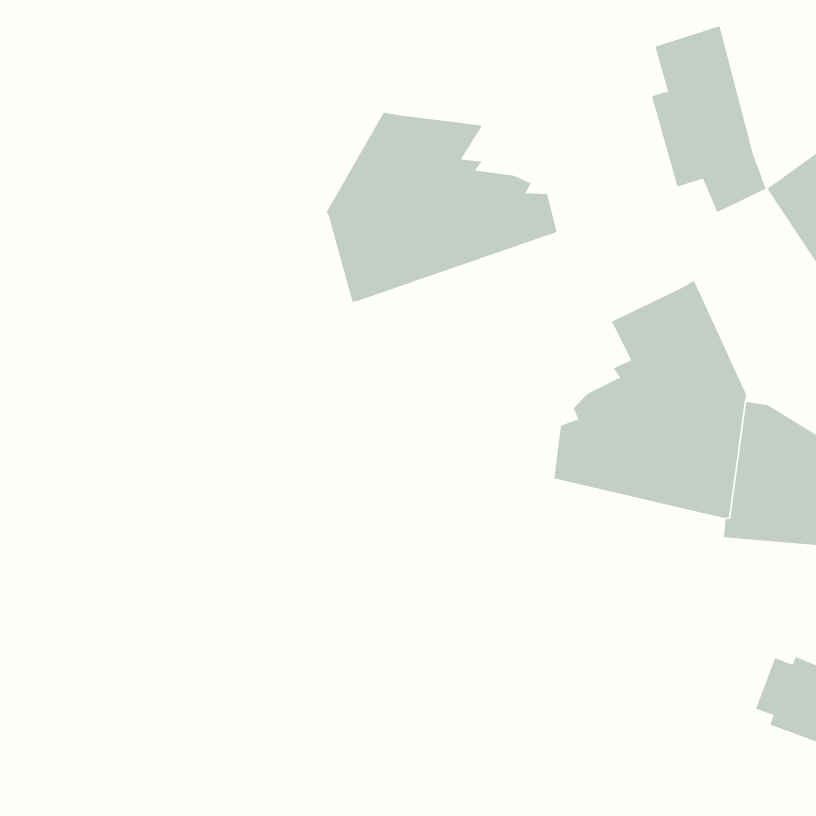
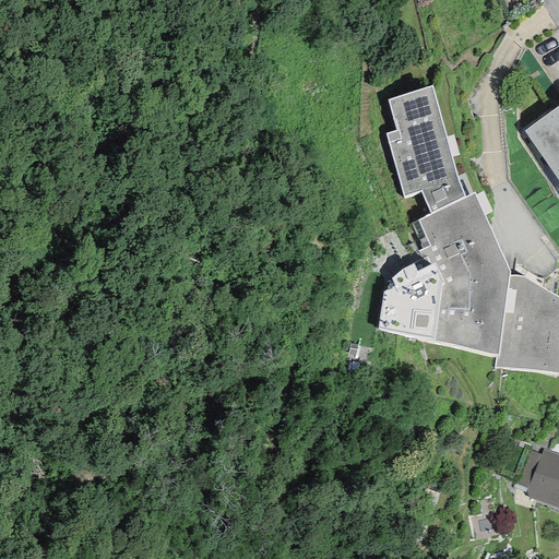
building: [651,26,766,213] -> [386,85,465,213]
building: [326,112,557,302] -> none

